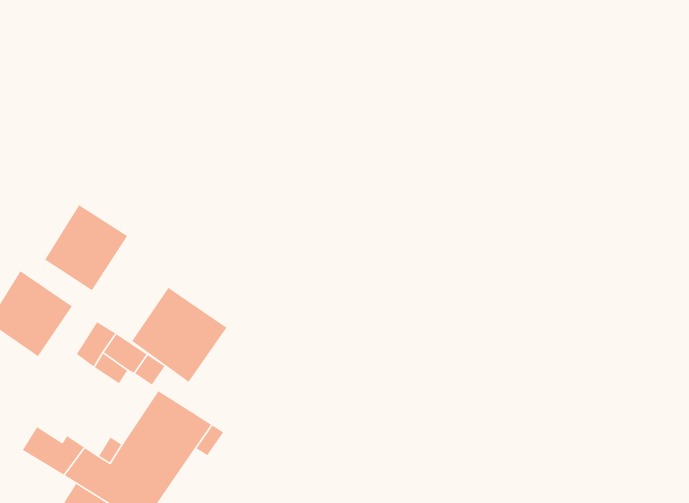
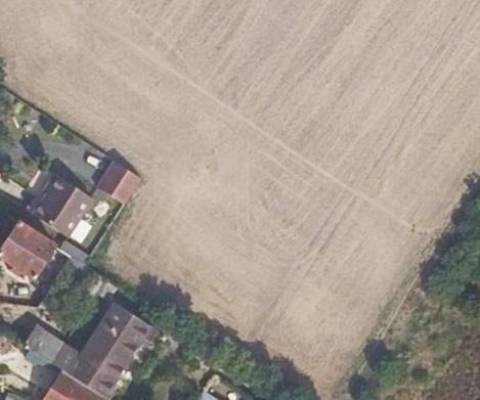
building: none -> [95,168,138,211]
building: [131,287,228,383] -> none

